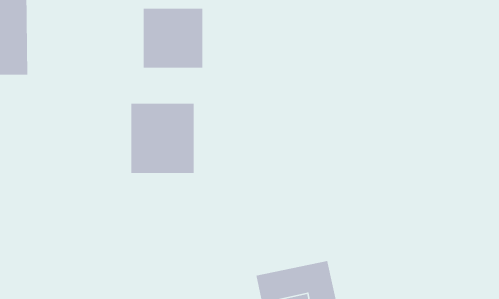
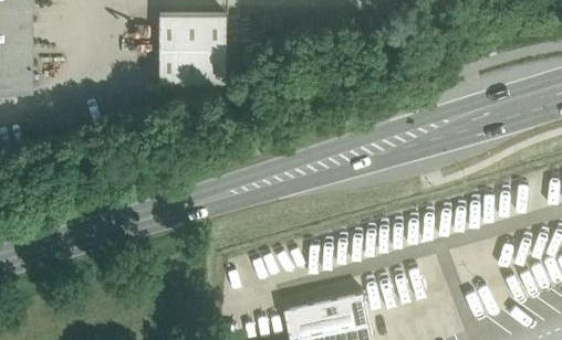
building: [130,103,194,174] -> none

